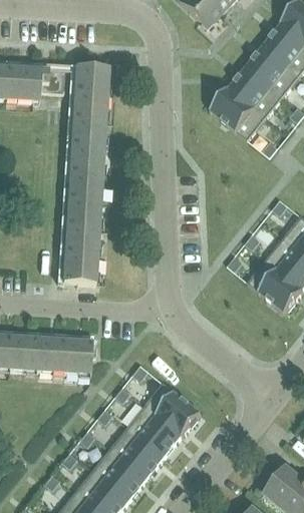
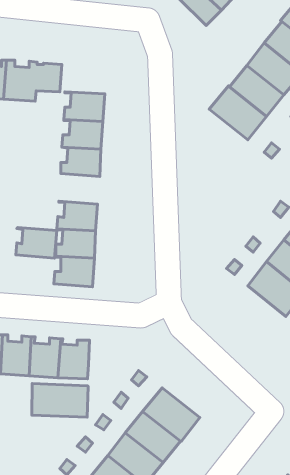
building: [68,63,108,93] -> none
building: [62,171,102,201] -> [16,227,57,258]
building: none -> [32,384,88,417]

